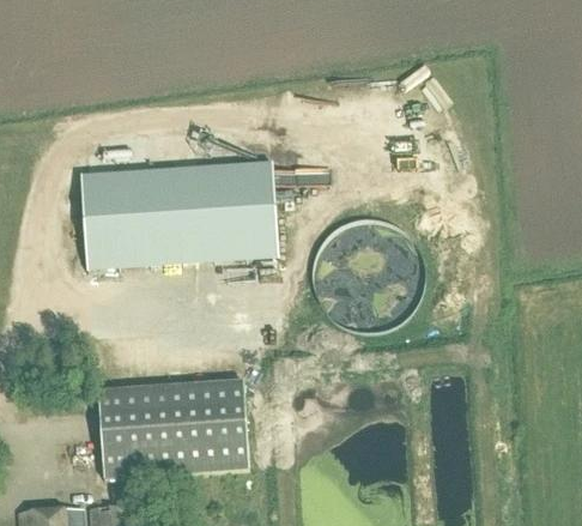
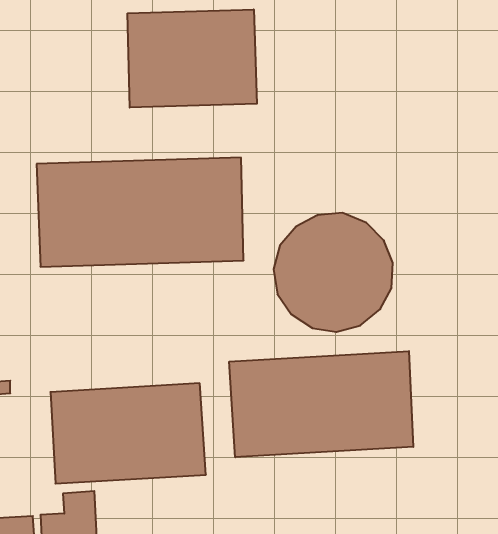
building: none -> [128,9,257,108]
building: none -> [229,351,413,457]

